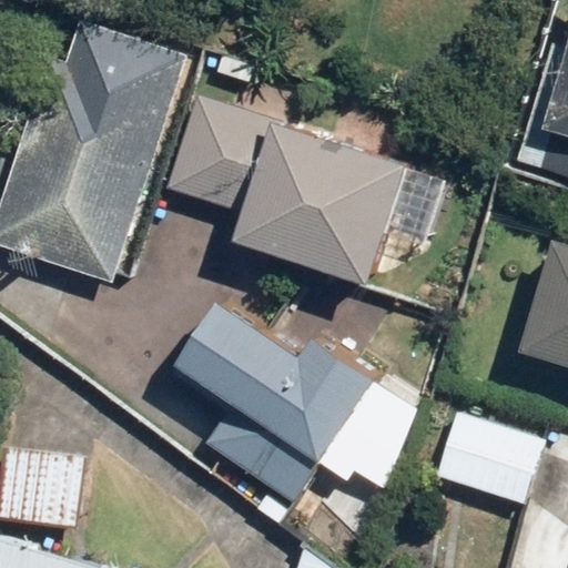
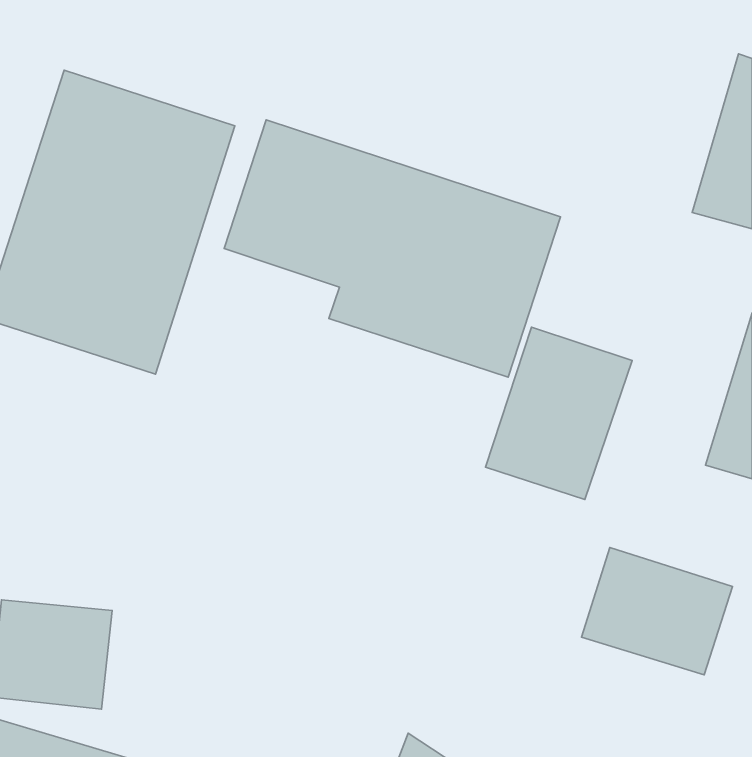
building: none -> [485,327,632,499]
building: [182,303,381,501] -> none

